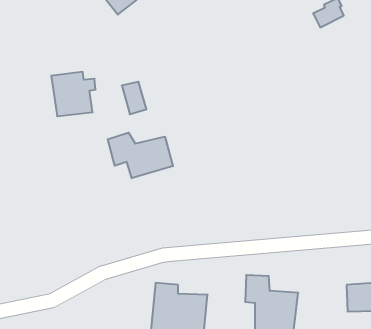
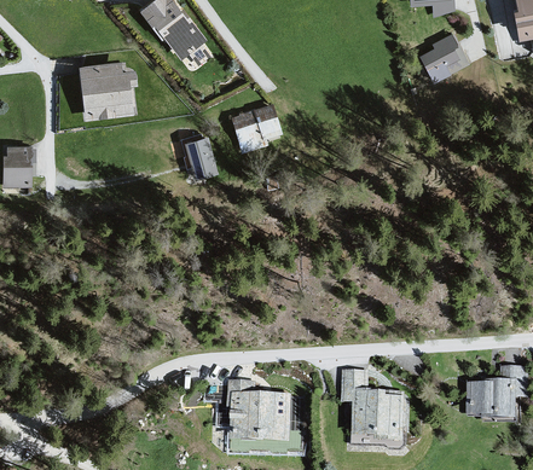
building: none -> [231,105,282,151]
building: [51,72,96,116] -> [81,63,135,117]
building: [108,133,173,178] -> none

